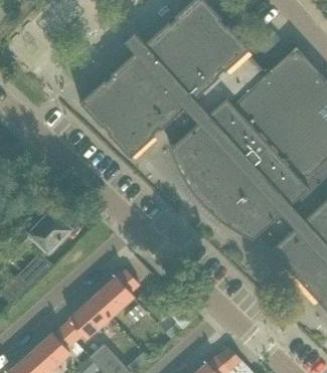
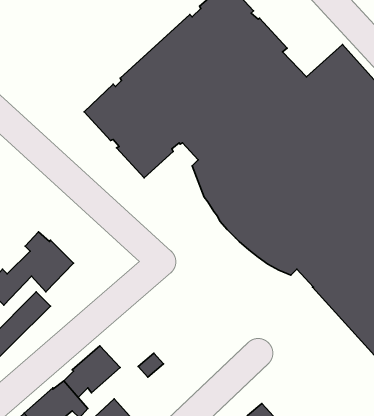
building: [93,270,139,317] -> none

